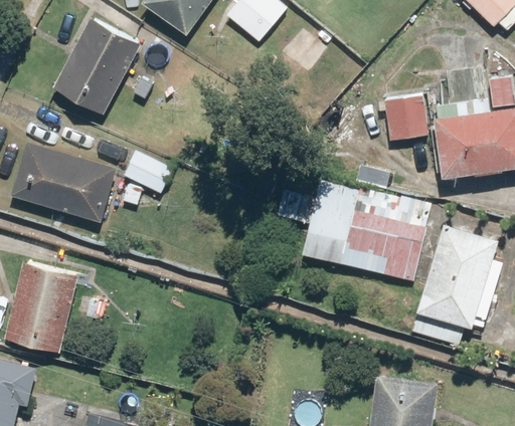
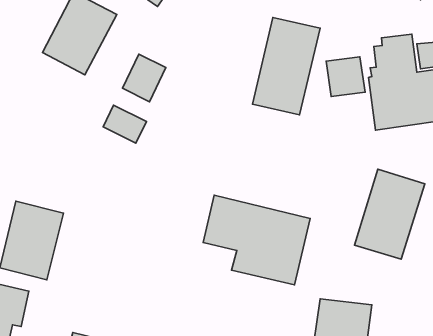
building: none -> [252,18,320,115]
building: none -> [122,54,166,102]
building: [11,143,118,224] -> none
building: [308,178,433,282] -> [203,195,310,285]

